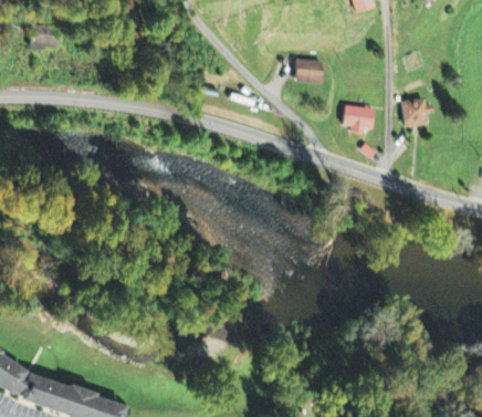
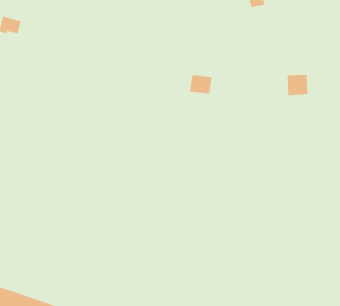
building: [295,60,325,85] -> [189,75,213,94]
building: [343,106,375,133] -> none

